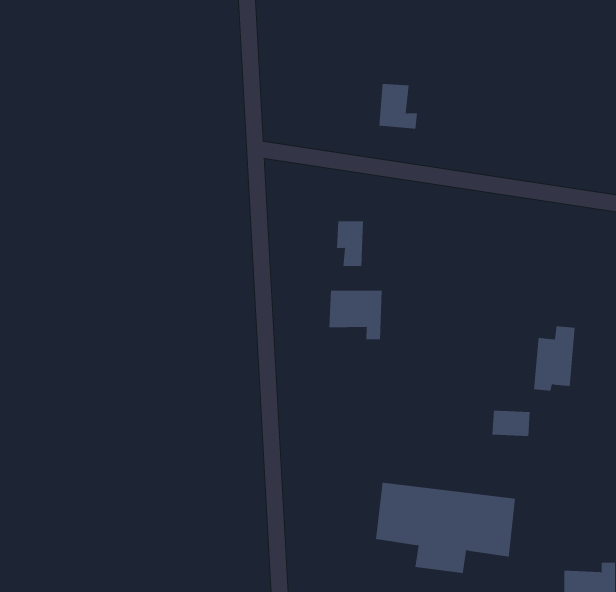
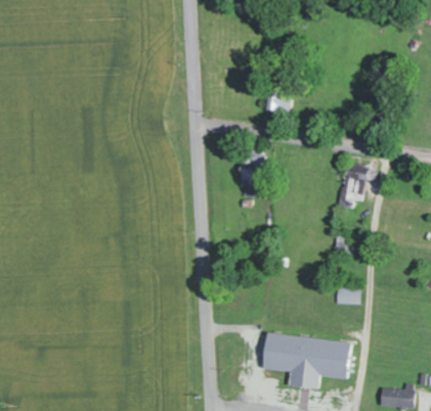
building: [329,290,382,340] -> none
building: [533,326,576,391] -> [340,164,367,204]

